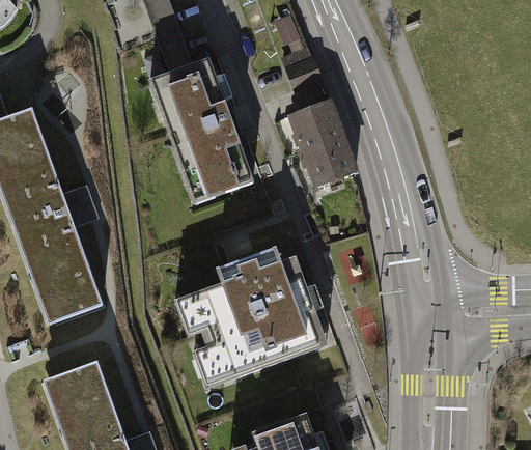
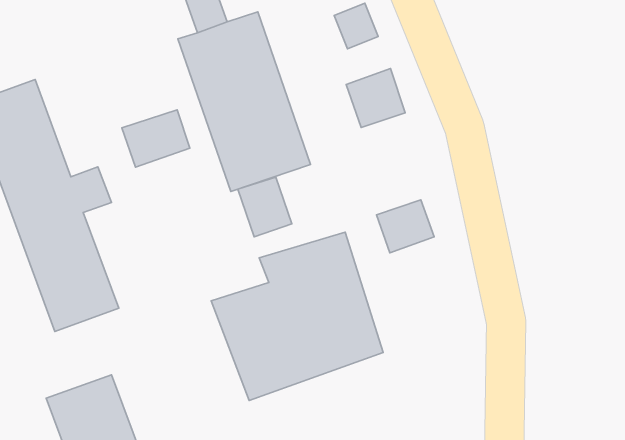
building: none -> [122,110,190,167]
building: [305,140,354,185] -> [376,200,434,253]
building: none -> [238,177,292,237]

